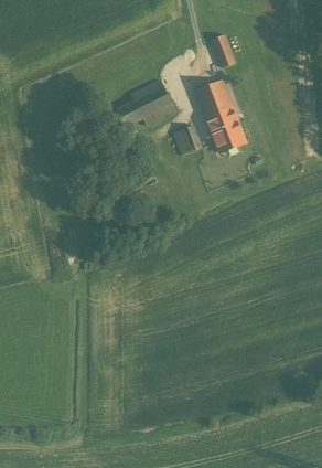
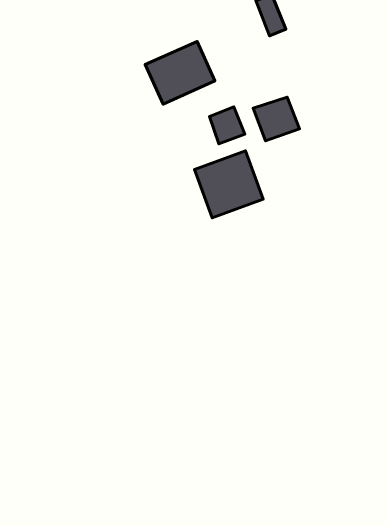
building: [195,82,237,128] -> none
building: none -> [194,151,263,218]

